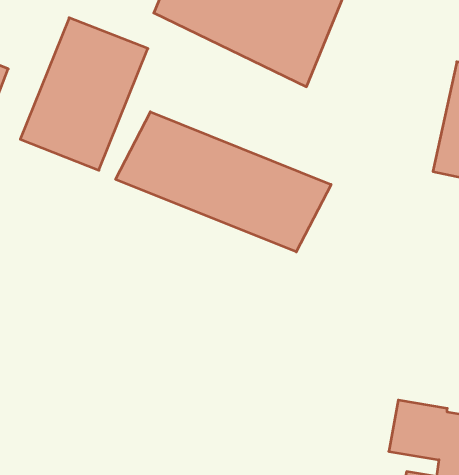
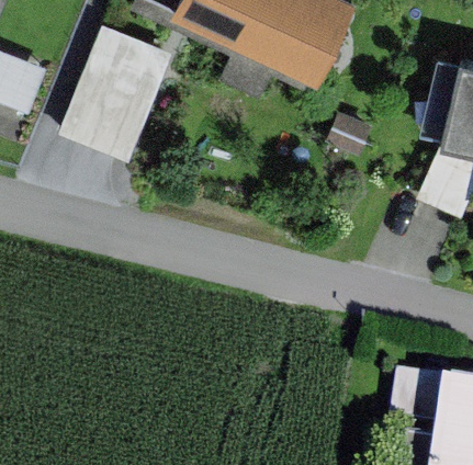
building: [116,112,331,252] -> none

